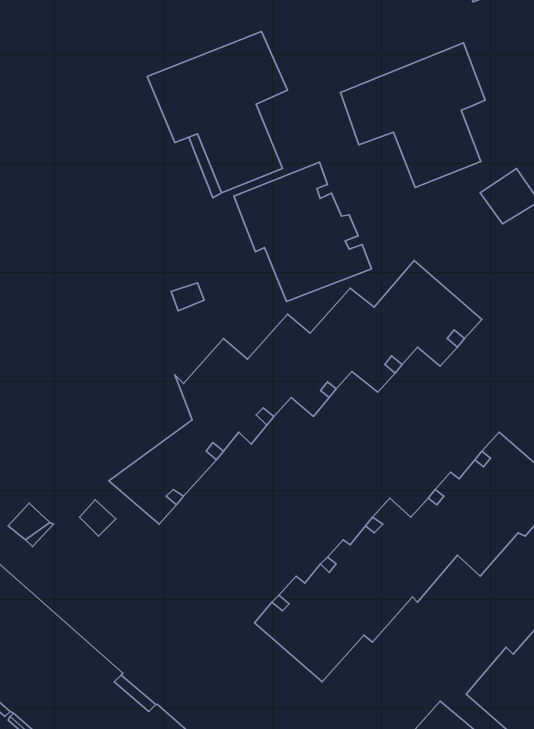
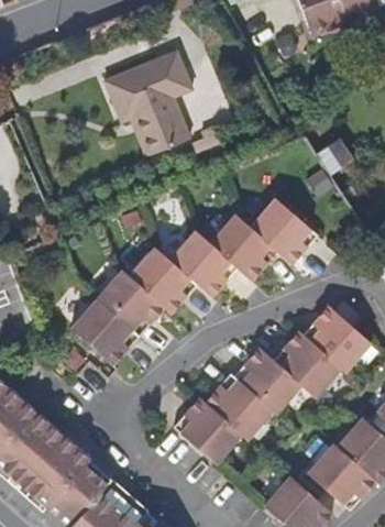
building: [341,43,485,188] -> none
building: [234,162,371,302] -> none
building: none -> [69,268,133,337]

